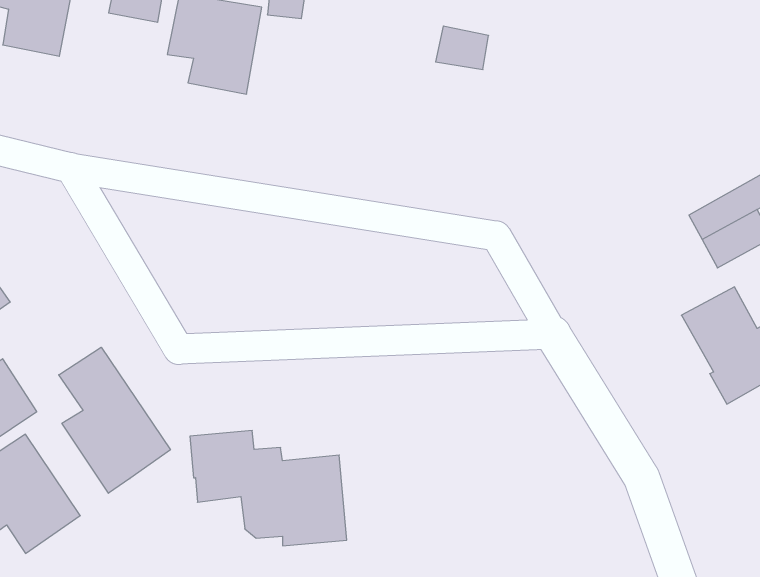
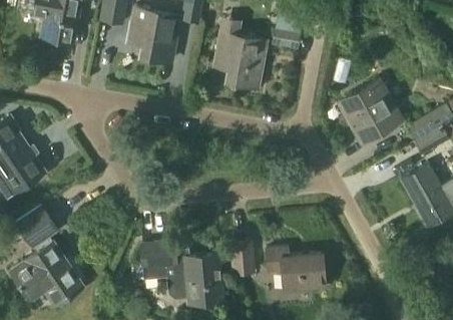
building: none -> [215,18,265,87]
building: none -> [338,81,401,143]
building: [59,347,170,493] -> none
building: none -> [232,241,255,275]
building: none -> [267,248,326,291]

